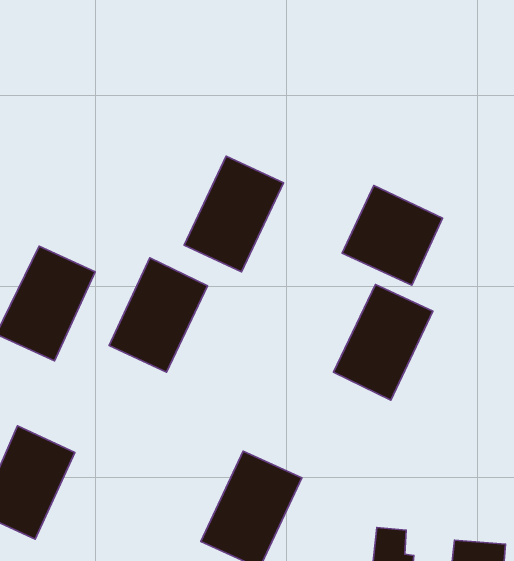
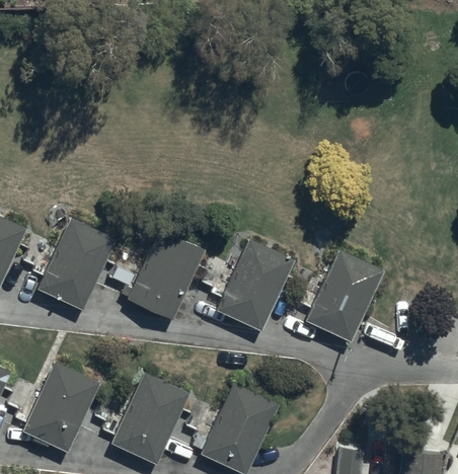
building: [184,156,284,272] -> [215,239,294,331]
building: [342,186,443,285] -> none
building: none -> [110,372,189,464]

